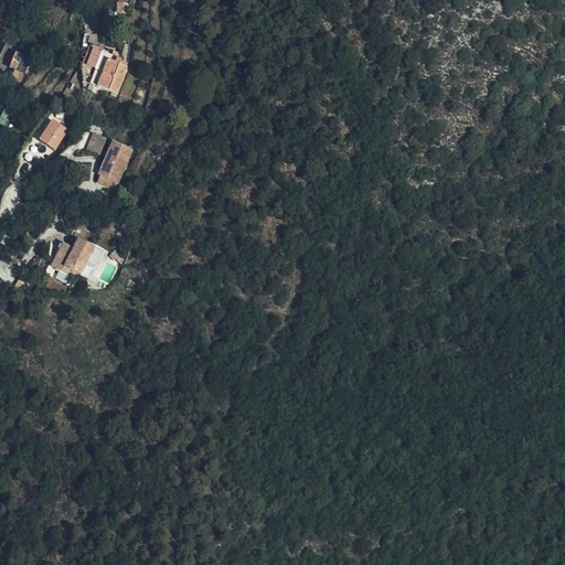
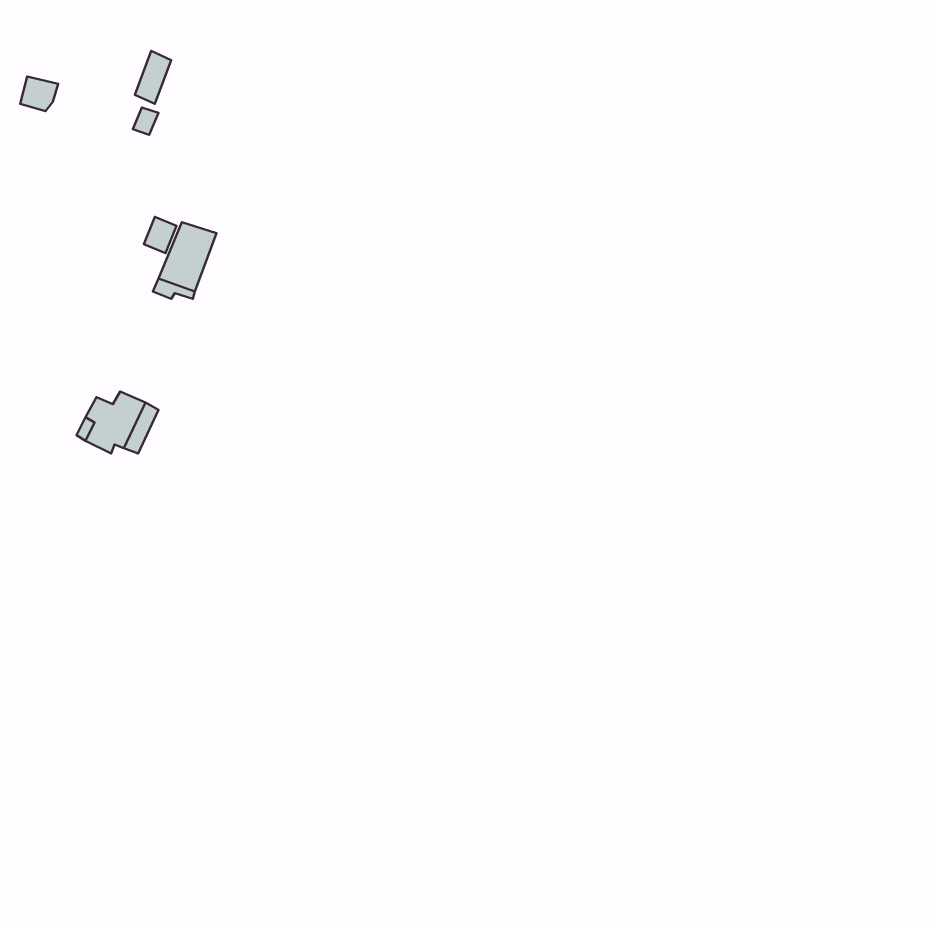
building: [98,50,128,86] -> none
building: [40,121,70,153] -> none

